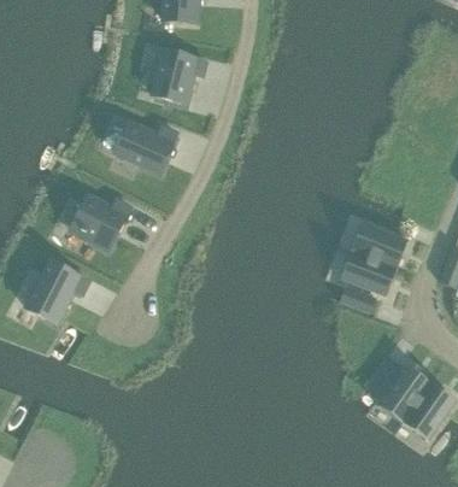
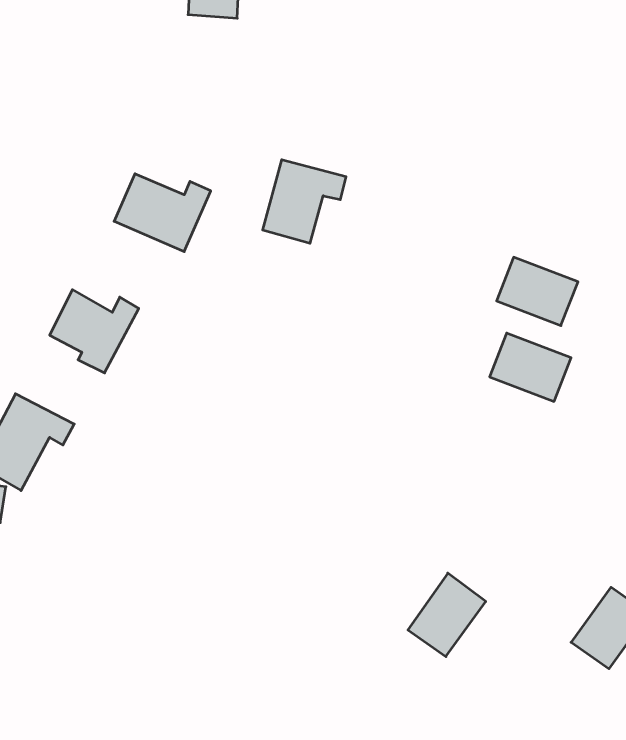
building: [152,48,205,101] -> [263,160,346,243]
building: [341,250,393,293] -> [497,257,578,326]
building: [380,365,429,418] -> [408,573,486,657]

